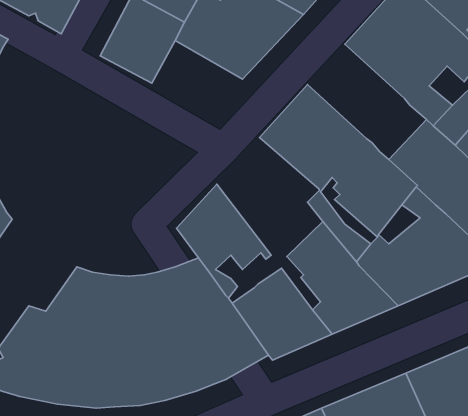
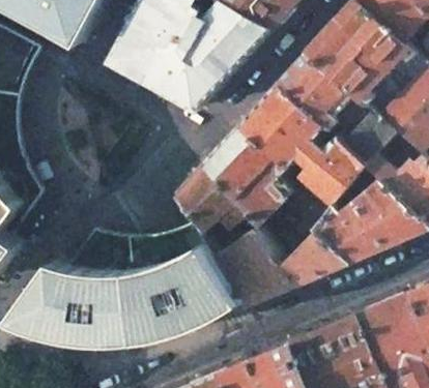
building: none -> [145,55,218,115]
building: none -> [269,58,365,150]
building: none -> [197,132,282,234]

